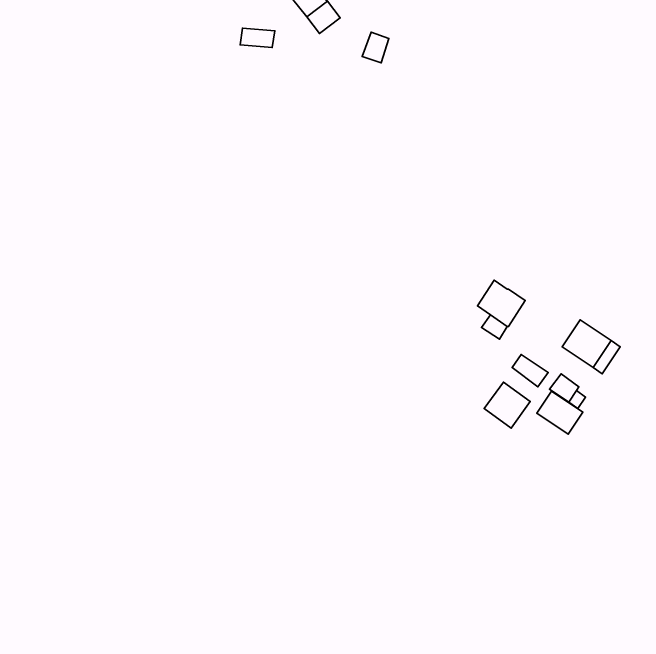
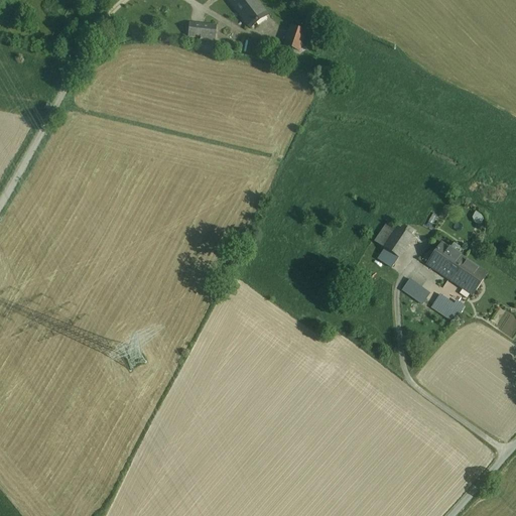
building: none -> [427,242,456,272]
building: [484,382,530,428] -> none
building: [537,391,583,434] -> none

